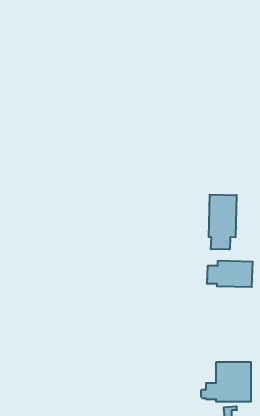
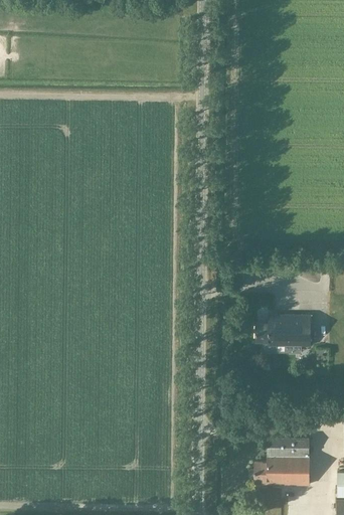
building: [209,195,237,249] -> none

